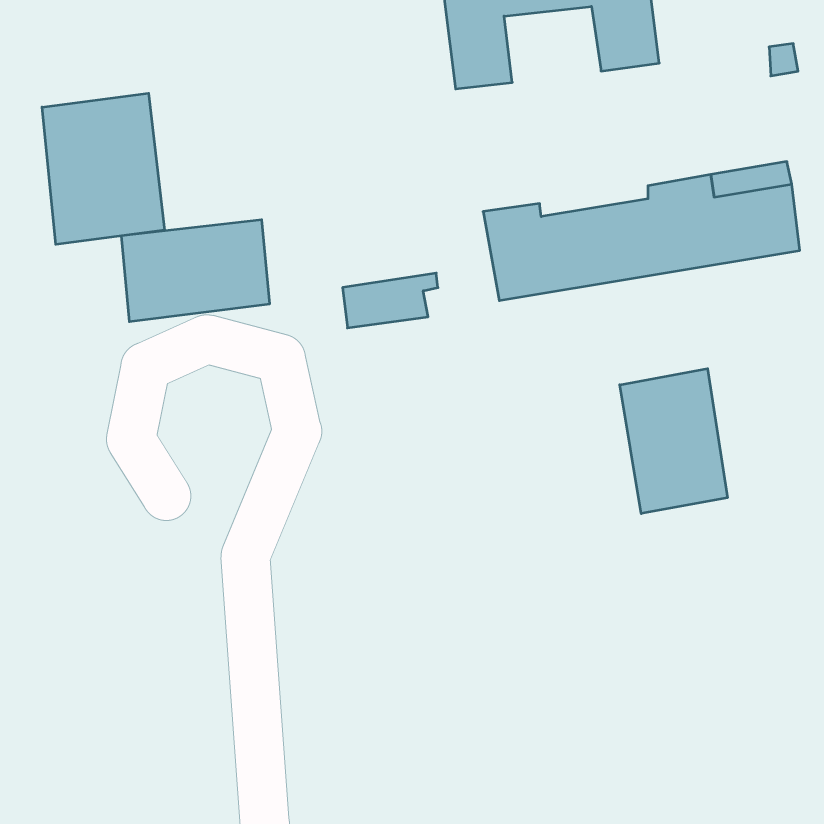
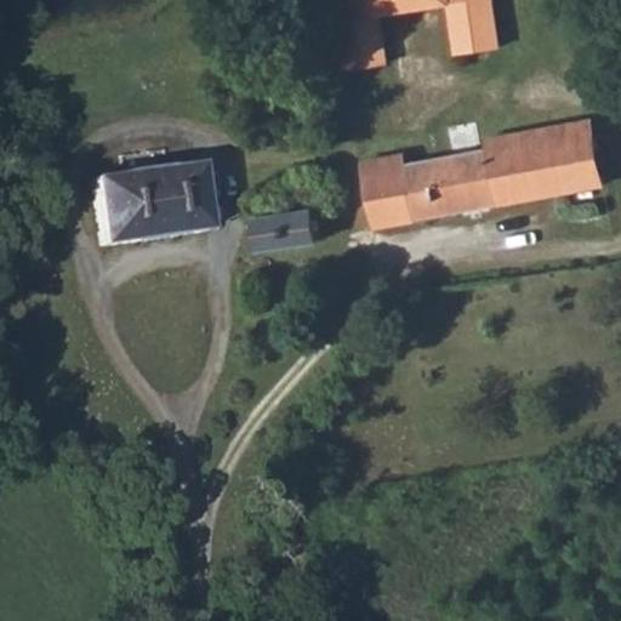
building: [42,93,164,244] -> none
building: [620,369,727,514] -> none

